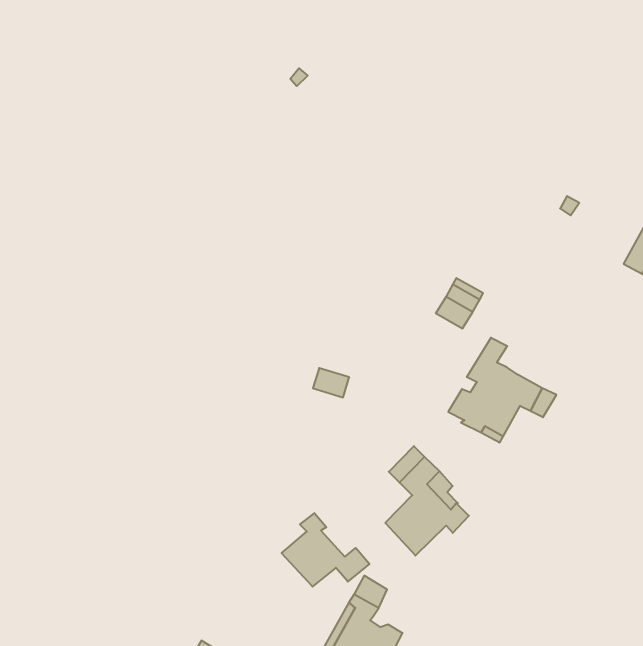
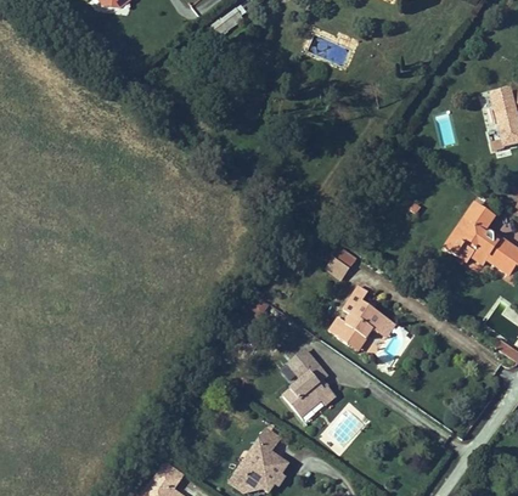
building: [282,513,369,587] -> none

